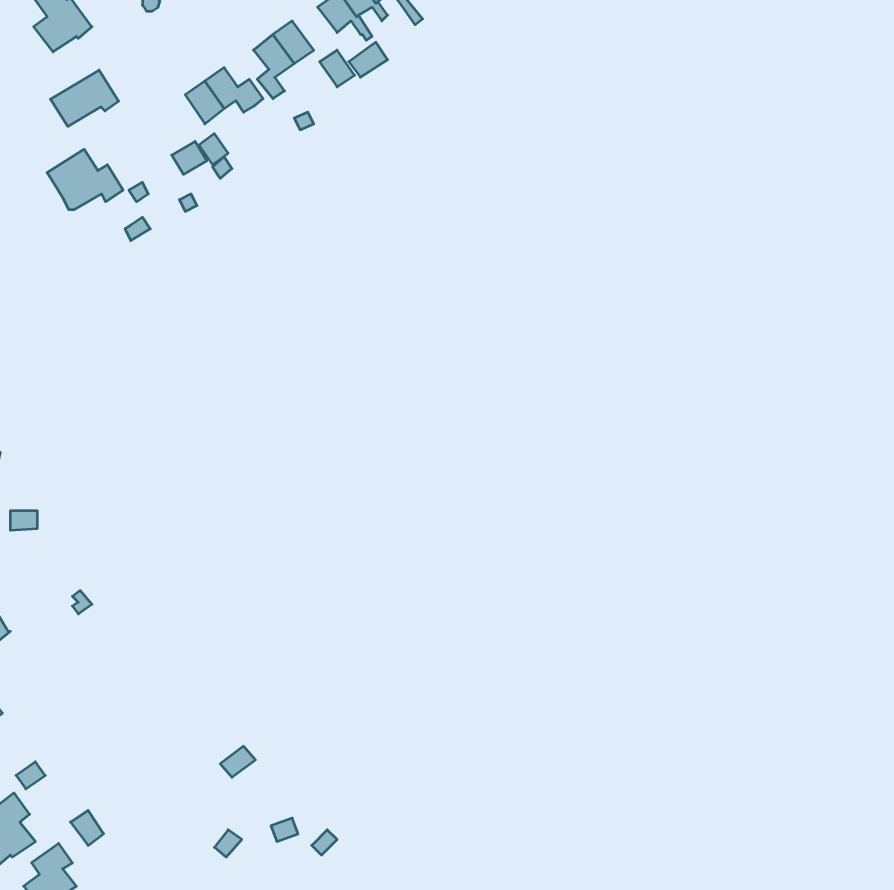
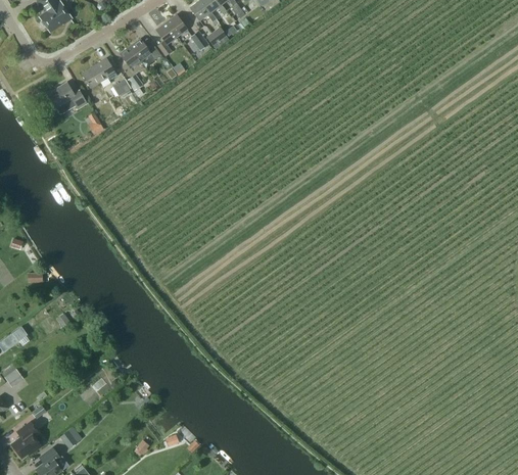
building: [50,70,119,126] -> [81,58,116,88]

